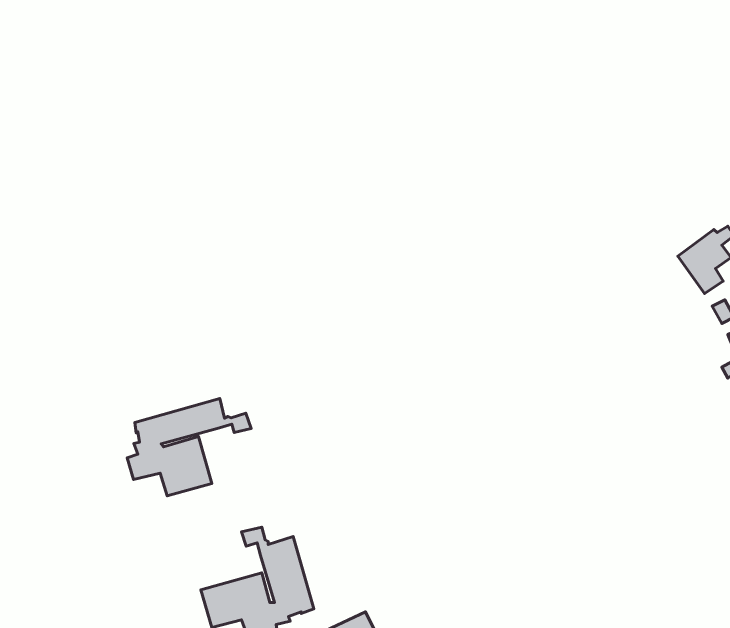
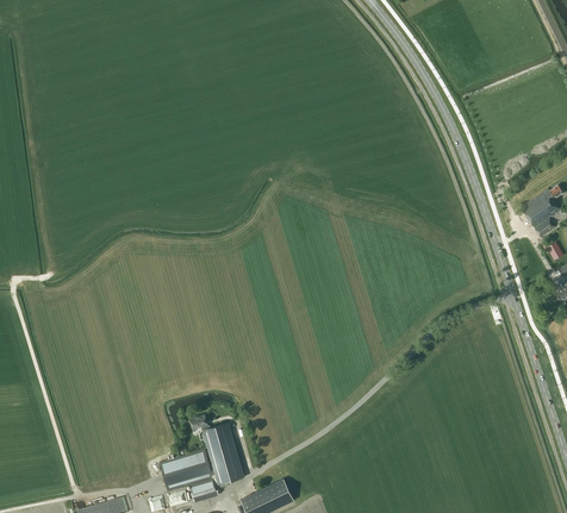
building: [127,398,251,496] -> none

